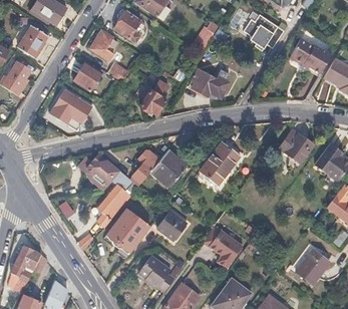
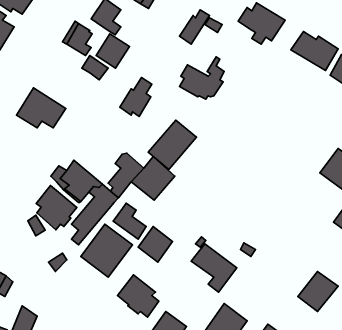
building: [74,62,103,92] -> [96,34,129,68]
building: [273,125,314,165] -> none
building: [199,141,241,185] -> [148,120,196,169]
building: none -> [36,186,77,230]
building: none -> [113,203,146,239]

